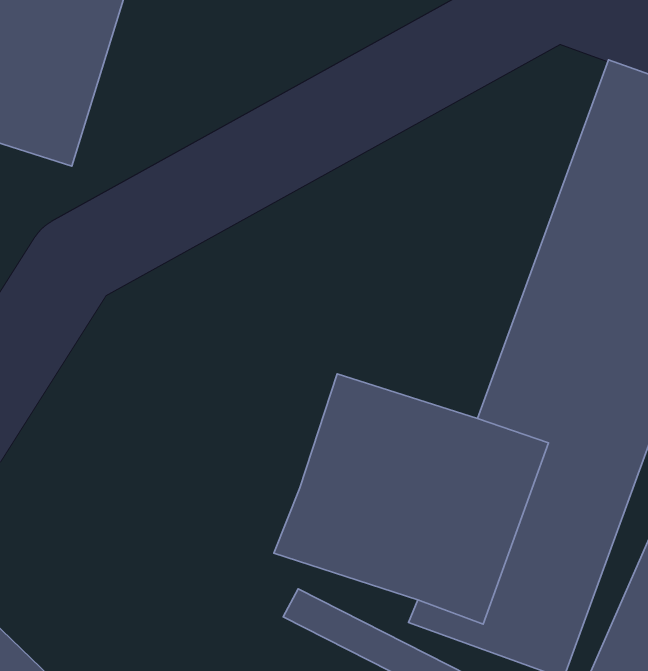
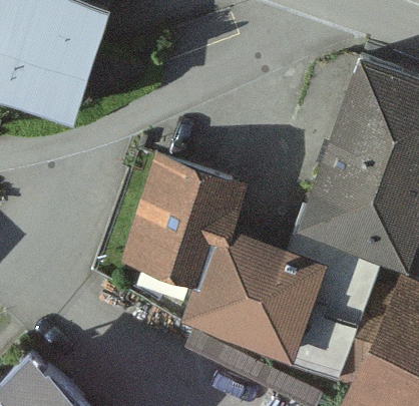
building: none -> [122,155,231,283]

